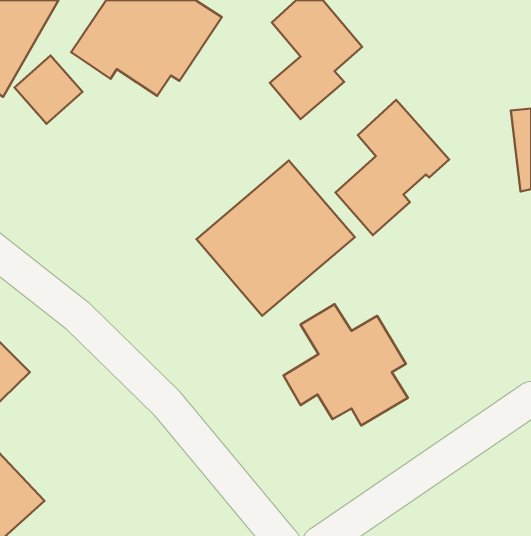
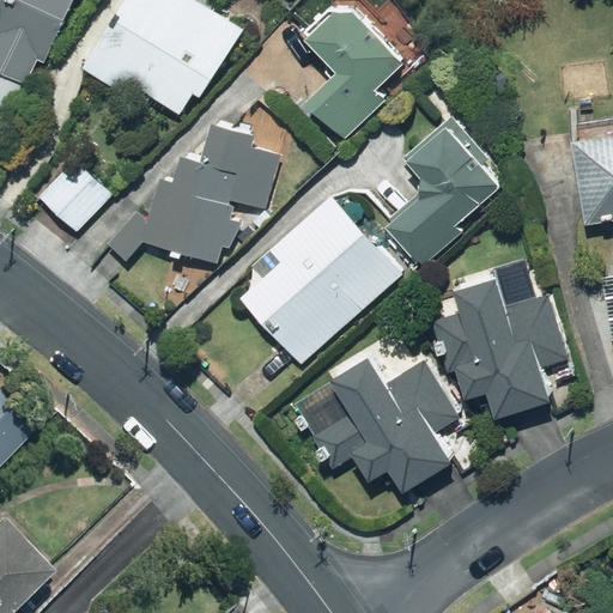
building: [14,56,82,124] -> [37,157,114,233]
building: none -> [104,125,284,265]
building: none -> [427,277,563,414]

